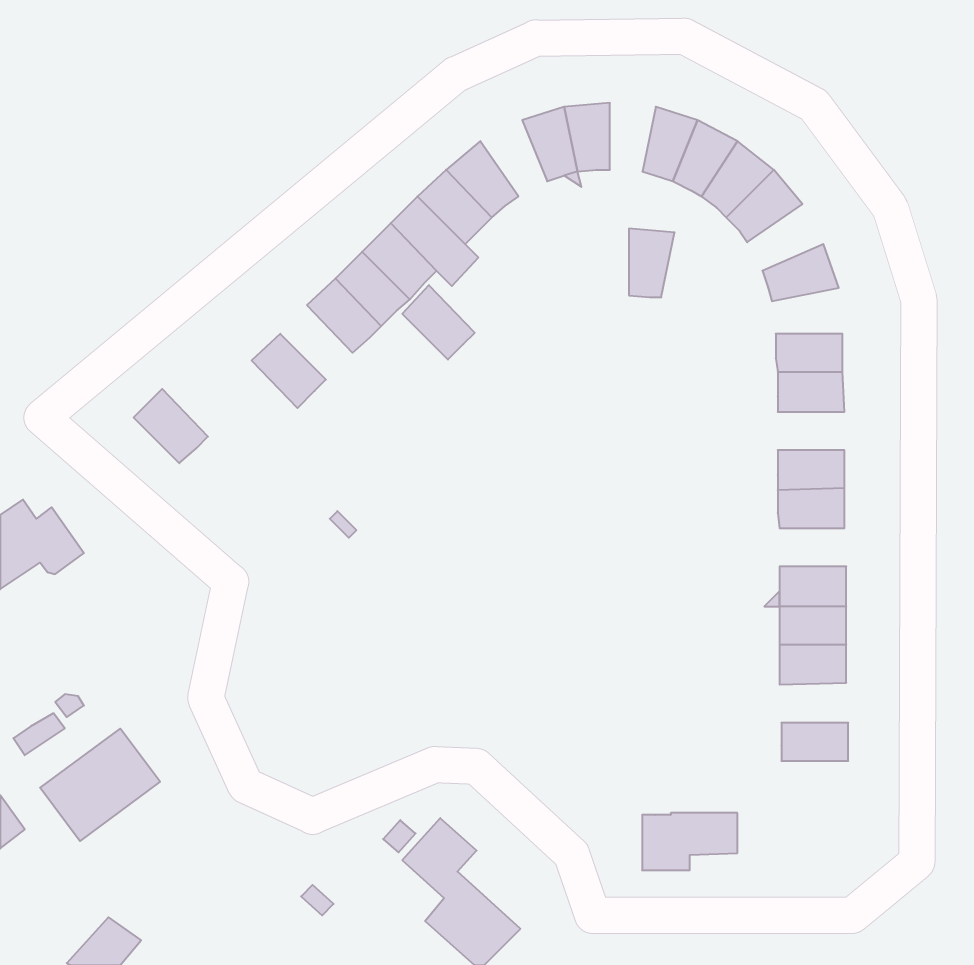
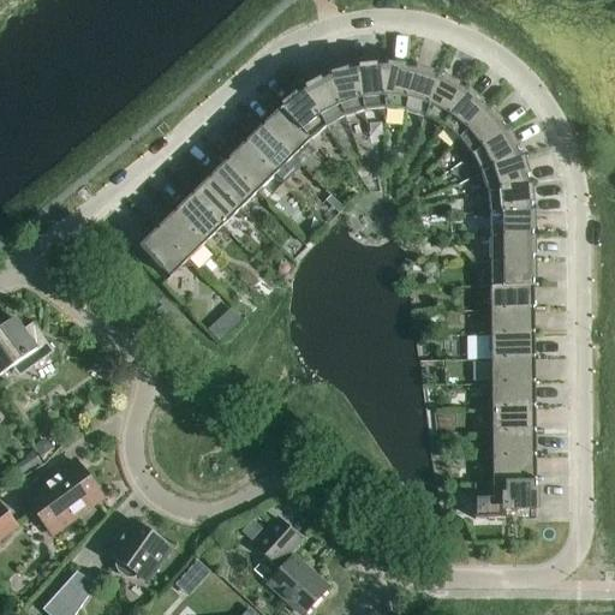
building: none -> [303,76,345,124]
building: none -> [471,129,519,171]
building: [629,229,675,297] -> [384,65,413,108]
building: [402,285,475,360] -> [177,192,222,239]
building: none -> [486,181,531,210]
building: [134,389,208,463] -> [141,227,187,274]
building: none -> [490,259,532,283]
building: none -> [491,333,533,357]
building: none -> [491,430,535,455]
building: [642,813,737,870] -> [474,479,535,515]
building: none -> [107,517,171,579]

